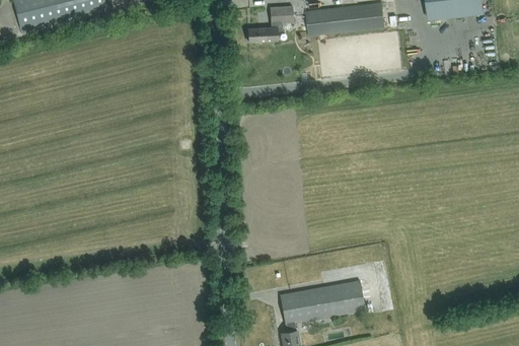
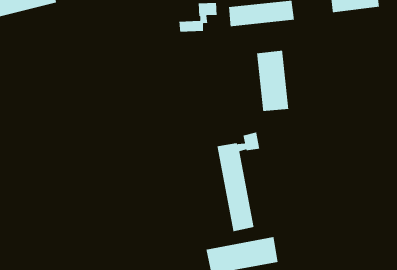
building: none -> [256,50,289,112]
building: none -> [216,132,260,232]

